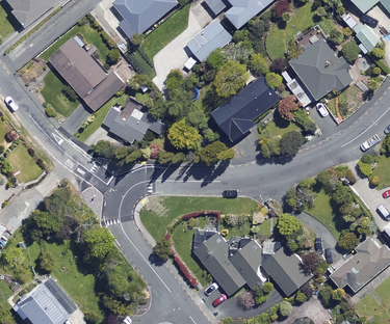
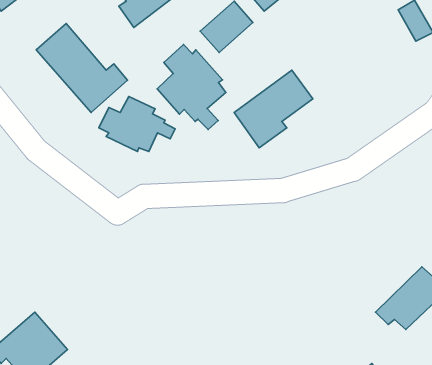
building: [285,38,353,107] -> none
building: none -> [157,44,226,130]
building: [193,232,311,295] -> none

